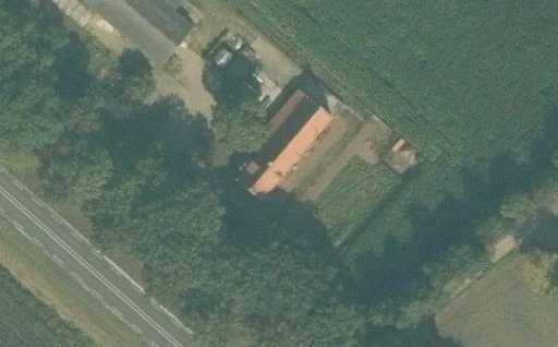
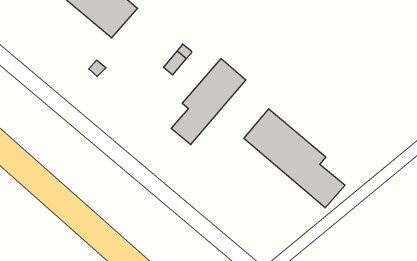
building: none -> [244,109,345,208]

